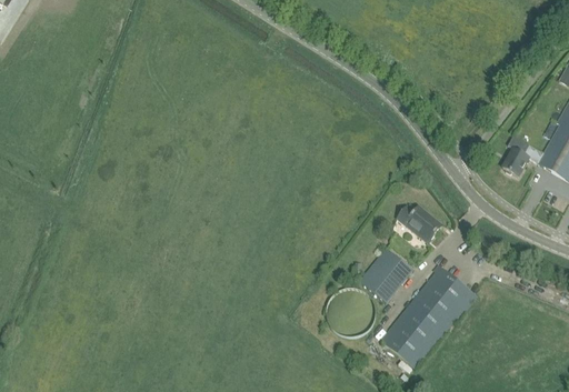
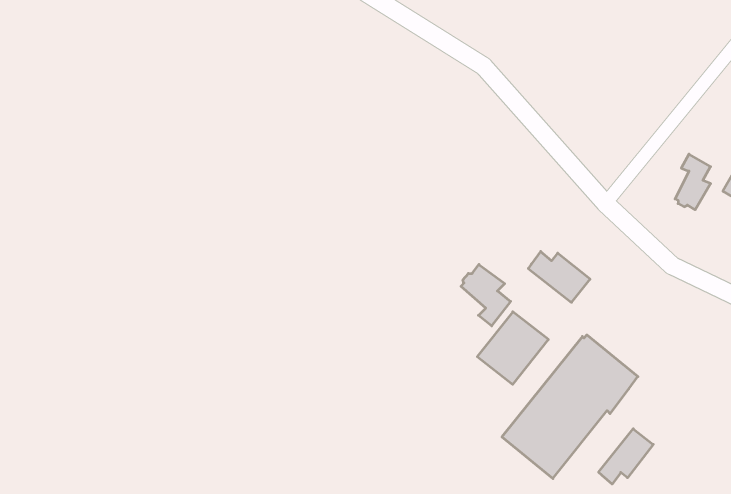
building: none -> [461,264,511,326]
building: none -> [599,429,653,484]

